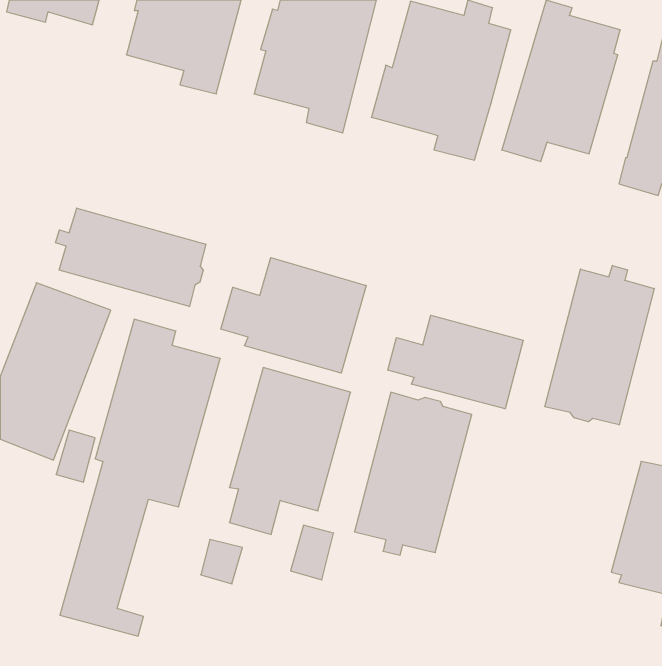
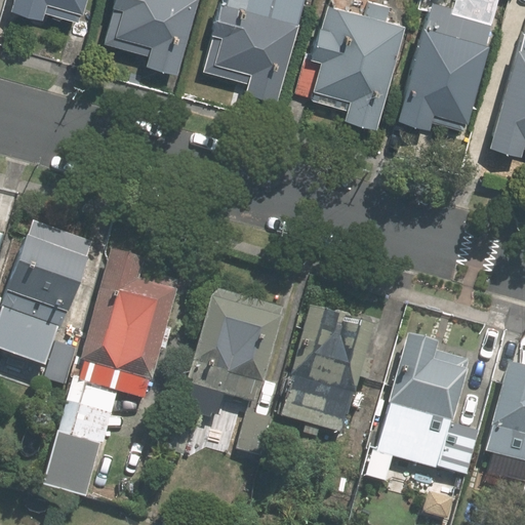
building: [55,208,206,307] -> none
building: [221,258,366,373] -> none
building: [545,265,654,425] -> none
building: [388,315,523,409] -> none
building: none -> [365,333,478,483]

